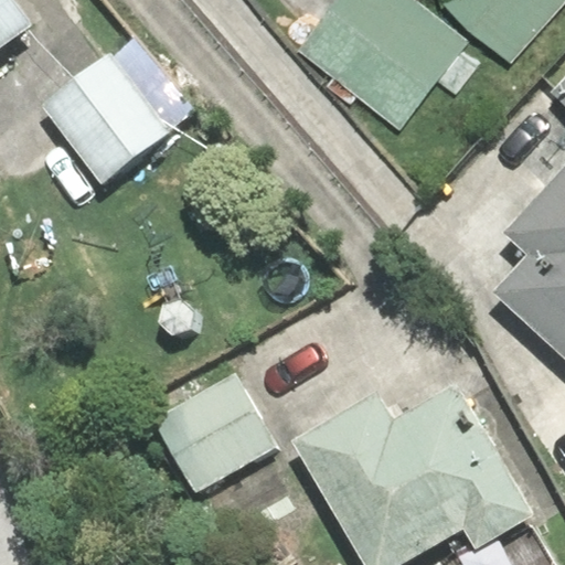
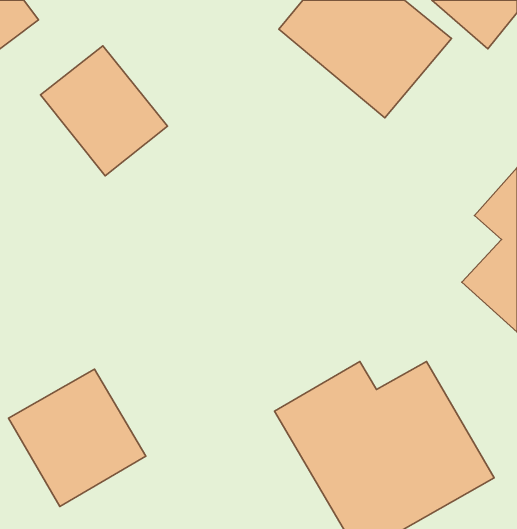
building: [150,367,280,494] -> none
building: none -> [9,369,146,506]

